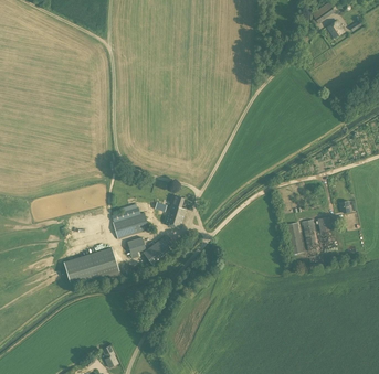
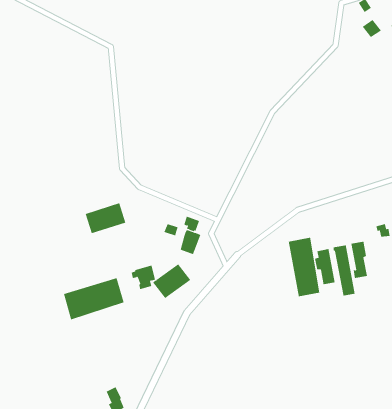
building: [112,211,148,238] -> [85,203,126,234]
building: none -> [288,237,320,297]

